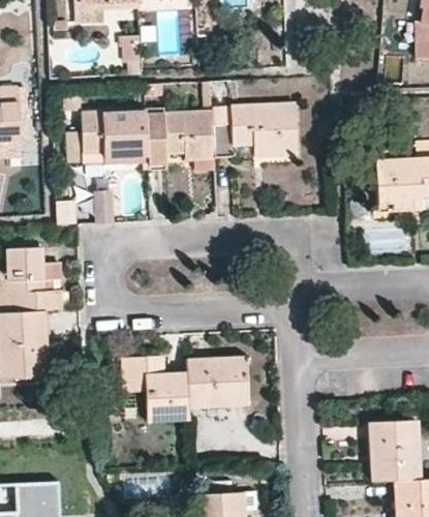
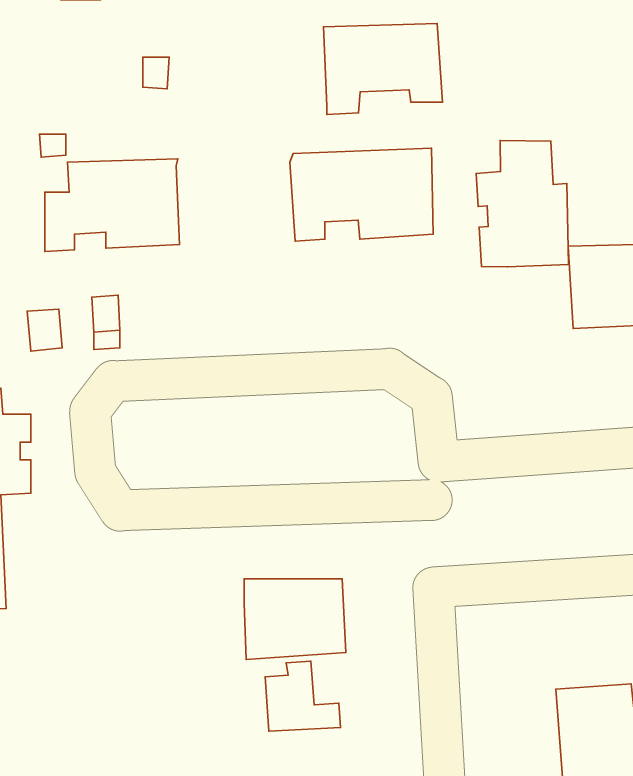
building: none -> [476,141,568,267]
building: [146,113,216,166] -> [323,23,442,114]
building: [121,354,187,419] -> none

